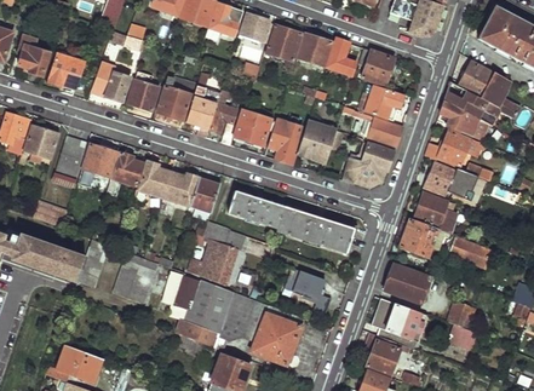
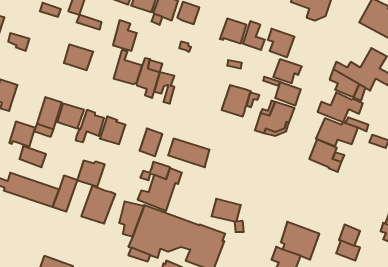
building: [265,25,300,61] -> none
building: [48,53,84,87] -> none
building: [457,59,494,98] -> none
building: [127,70,159,110] -> [113,20,137,51]
building: [234,110,270,145] -> none
building: [268,119,302,165] -> none
building: [23,126,57,159] -> [9,122,35,146]
building: [163,173,200,207] -> [77,161,105,187]
building: [276,206,354,253] -> none
building: [400,220,496,269] -> none
building: [384,264,431,303] -> none

